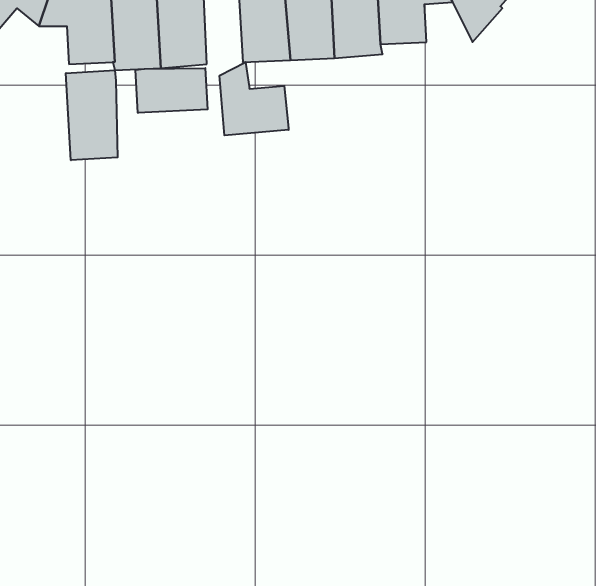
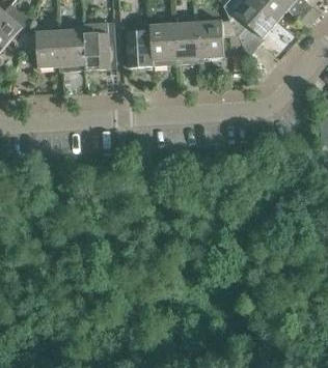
building: [220,62,289,135] -> none
building: [136,68,208,113] -> none
building: [66,70,118,160] -> none

